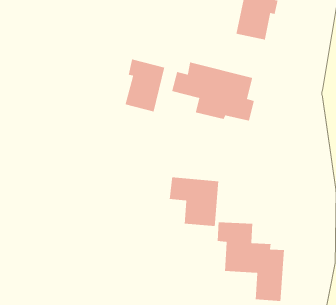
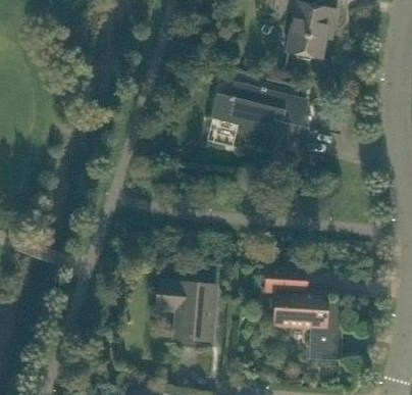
building: [125,59,165,112] -> none
building: [169,177,219,227] -> [157,281,215,339]

